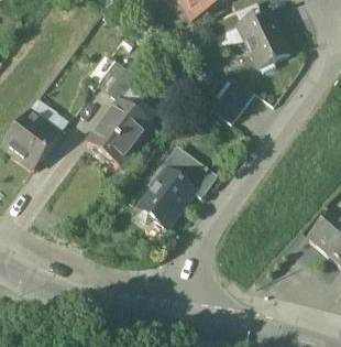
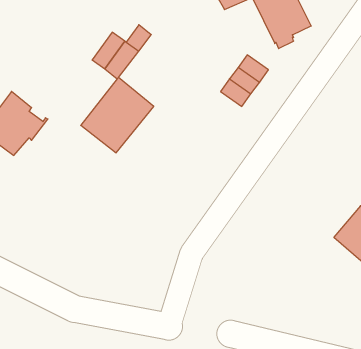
building: [138,155,217,226] -> none

